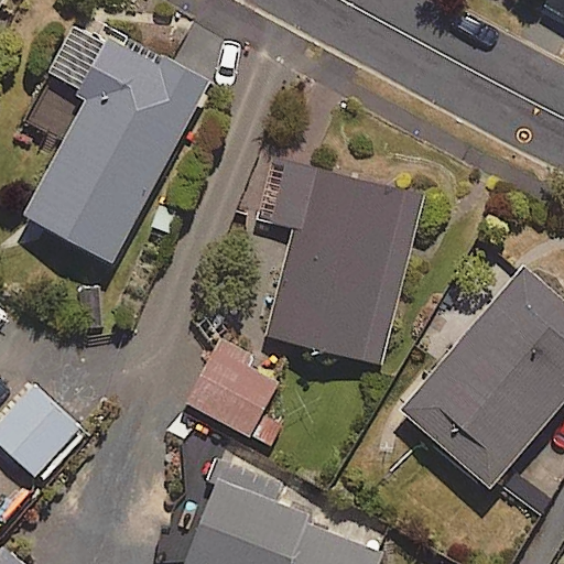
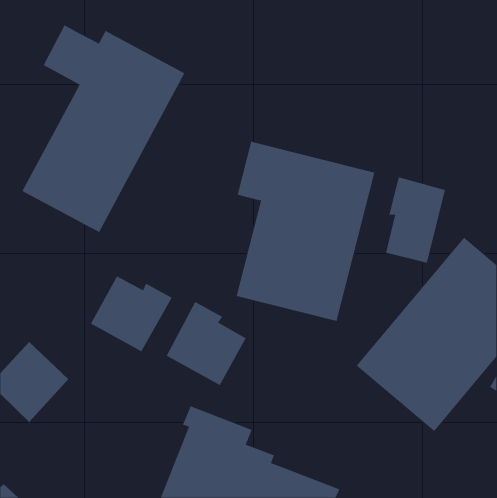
building: none -> [386,177,446,264]
building: none -> [90,276,172,352]

